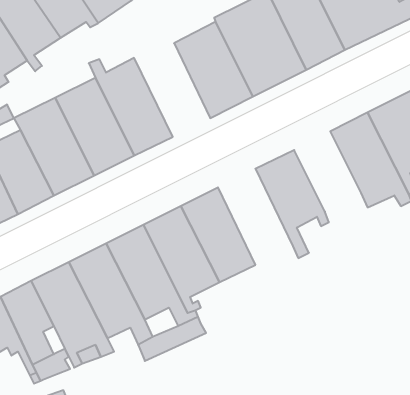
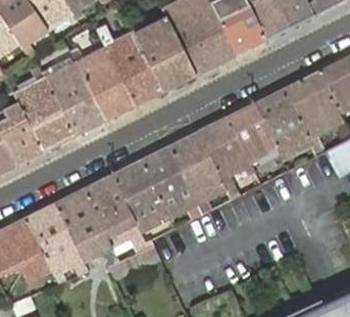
building: none -> [98,25,163,106]
building: none -> [228,102,279,164]
building: none -> [169,131,227,214]

